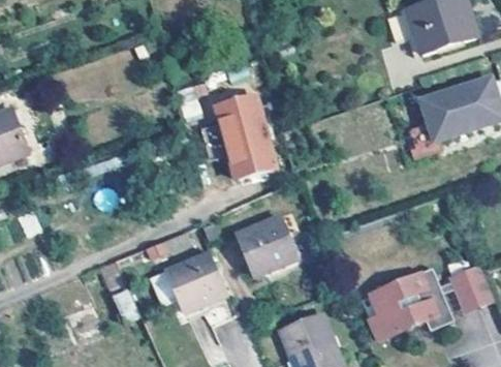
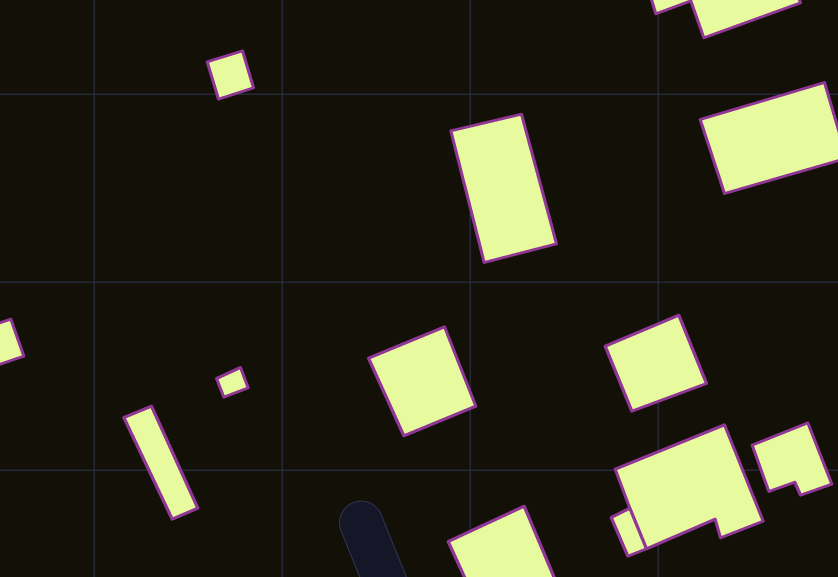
building: [217,97,276,180] -> [451,114,557,262]
building: none -> [605,315,706,411]
building: [165,252,226,313] -> none

